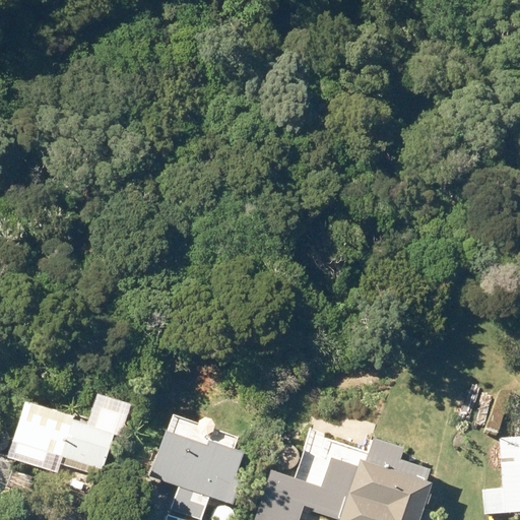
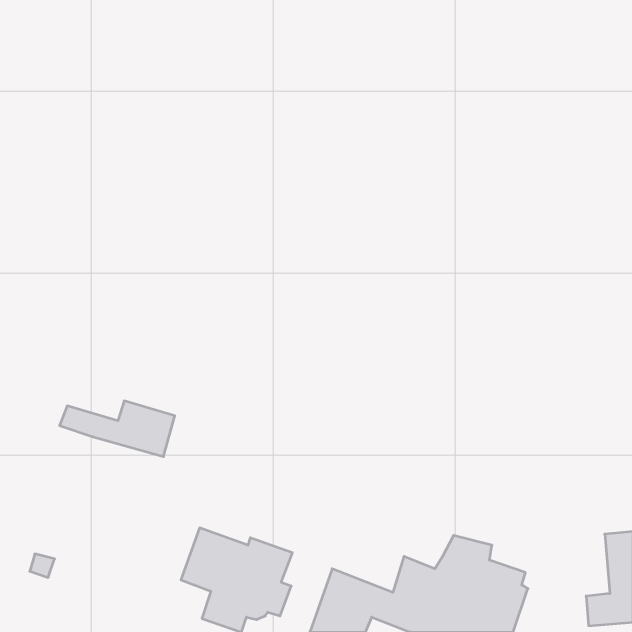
building: [20,417,115,463] -> [60,401,175,457]

